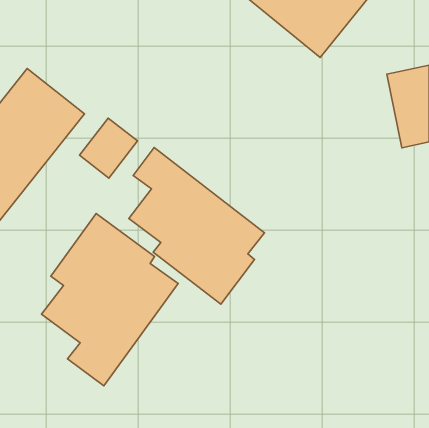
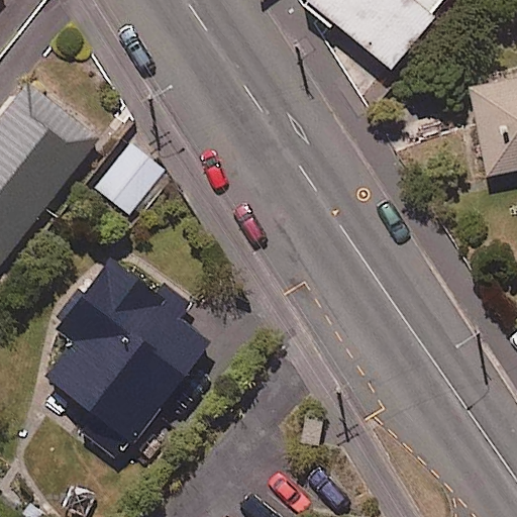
building: [129,148,264,304] -> none

